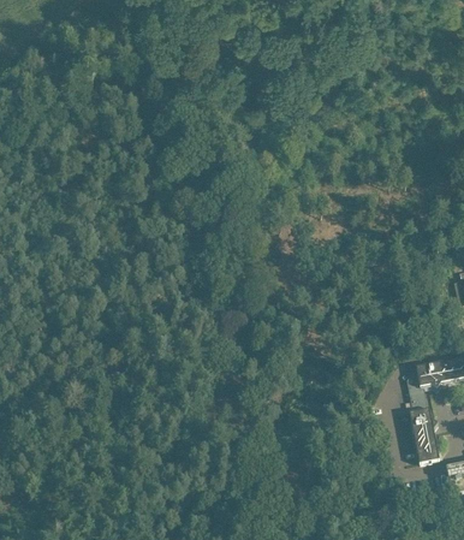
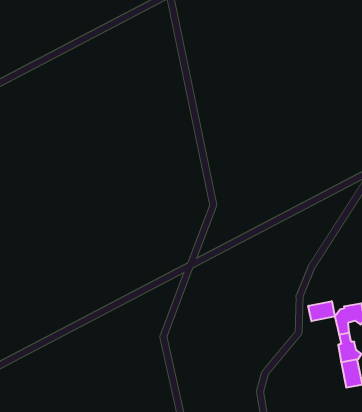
building: none -> [308,301,335,321]

